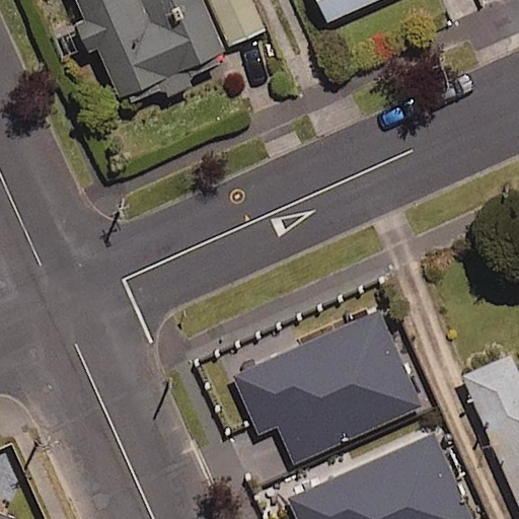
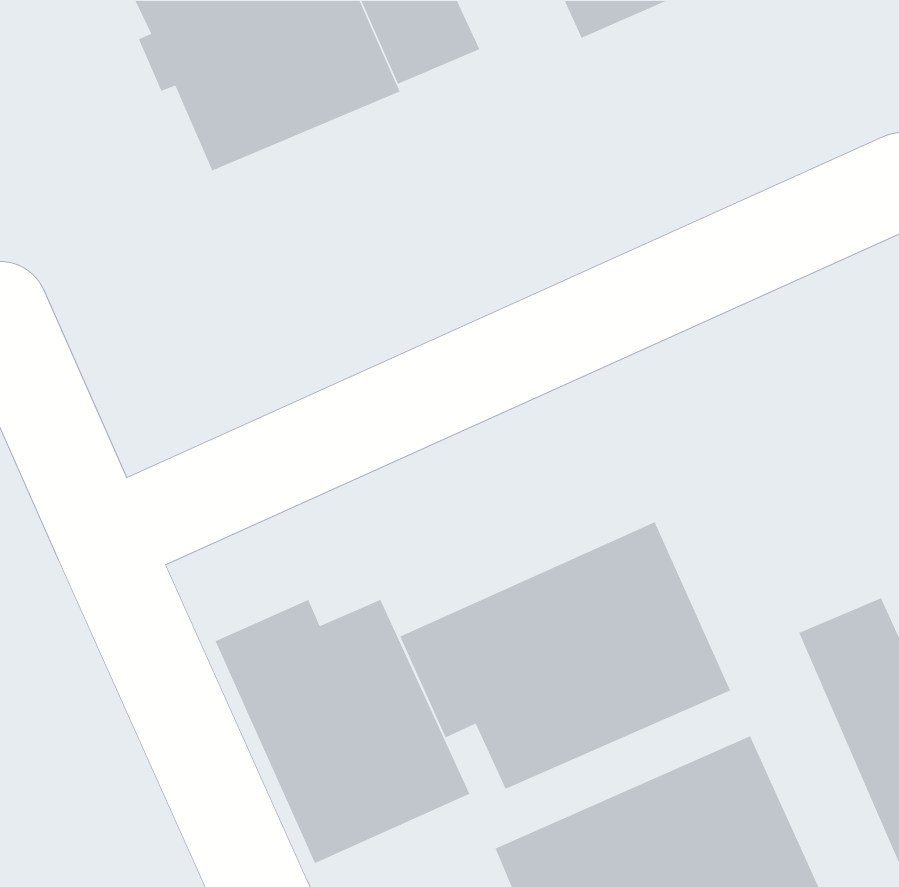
building: none -> [215,599,471,864]

